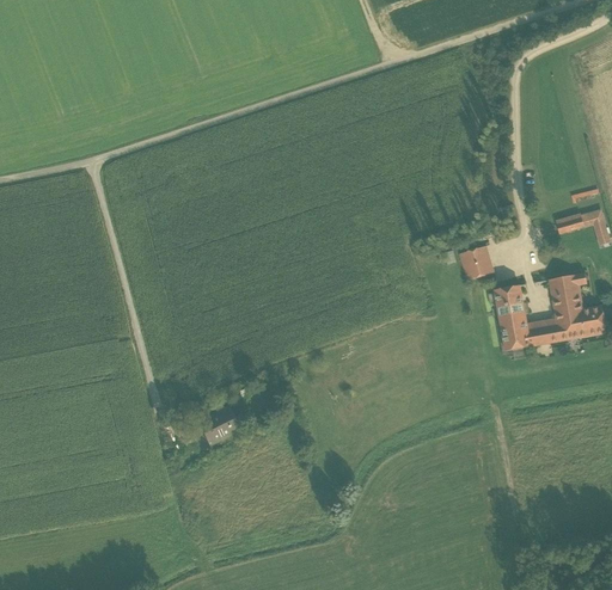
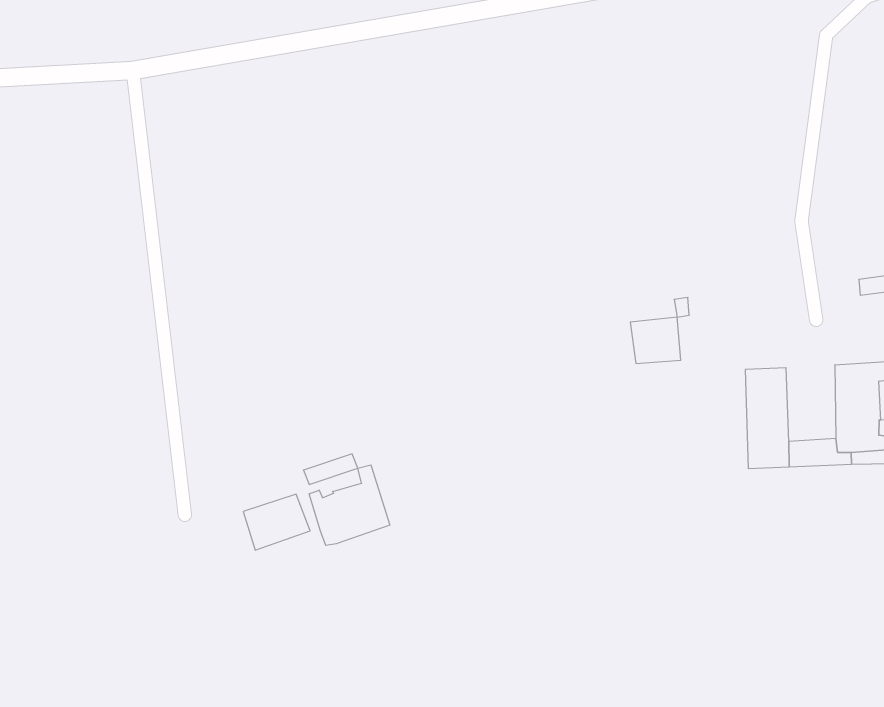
building: [458,246,492,278] -> [630,317,681,363]
building: none -> [309,465,390,545]

